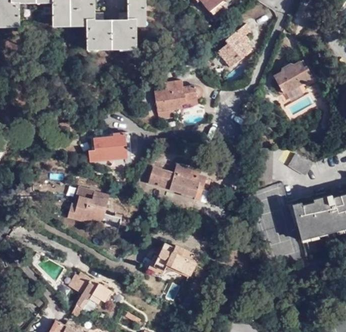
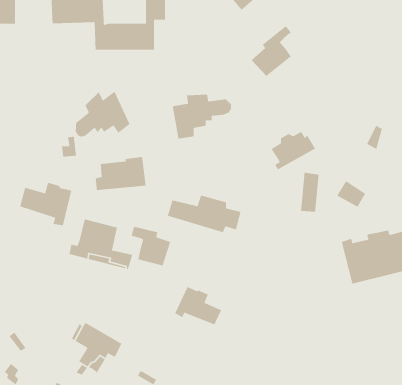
building: [274,62,312,95] -> [270,131,316,170]
building: none -> [75,91,130,137]
building: none -> [19,182,72,226]
building: none -> [131,226,171,267]

